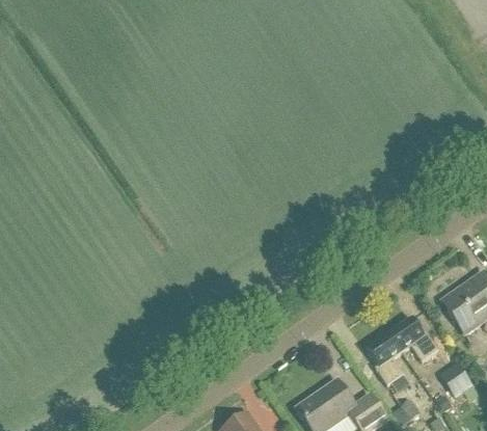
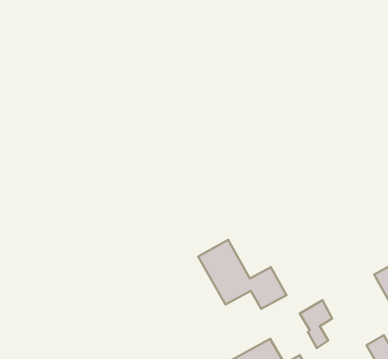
building: none -> [198,240,286,309]
building: [389,316,438,356] -> none

